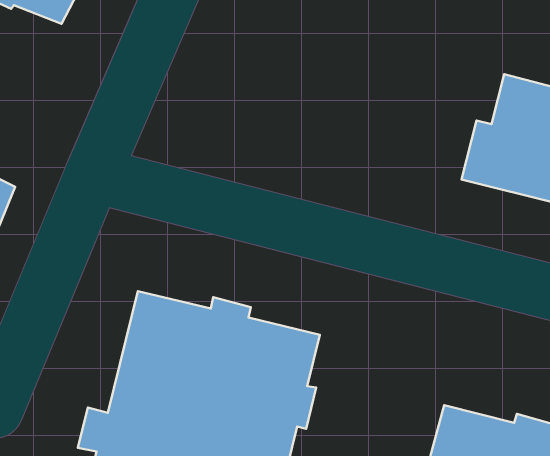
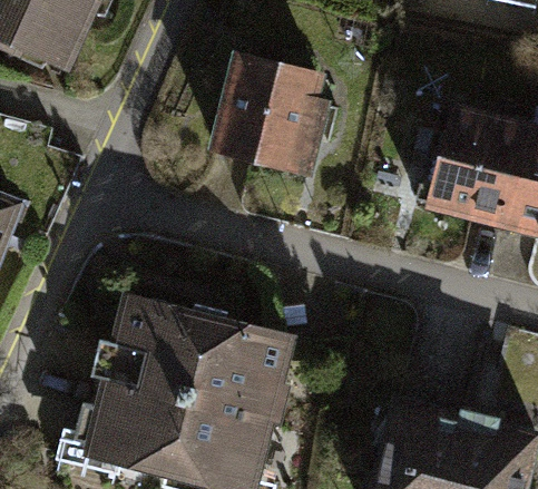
building: none -> [216,56,325,174]

